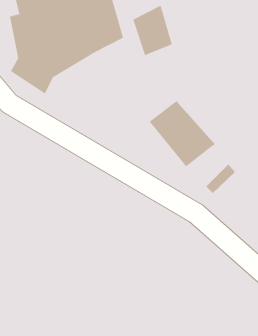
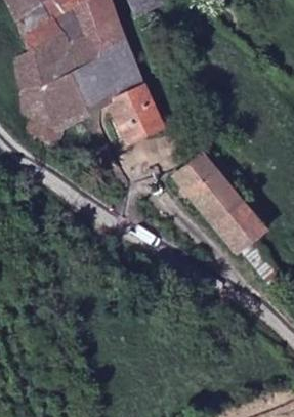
building: [133,5,172,56] -> [111,81,155,137]
building: none -> [211,202,258,246]

